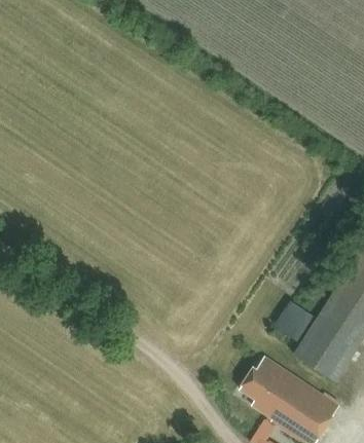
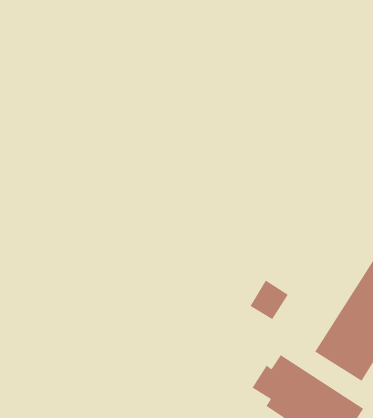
building: [276,302,311,338] -> [249,279,289,320]

